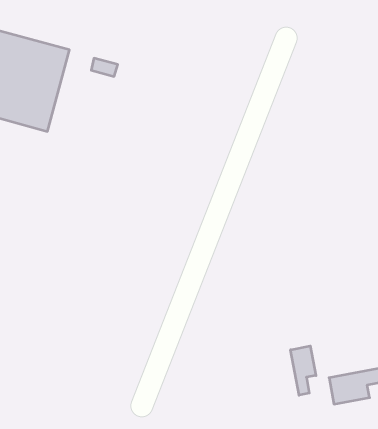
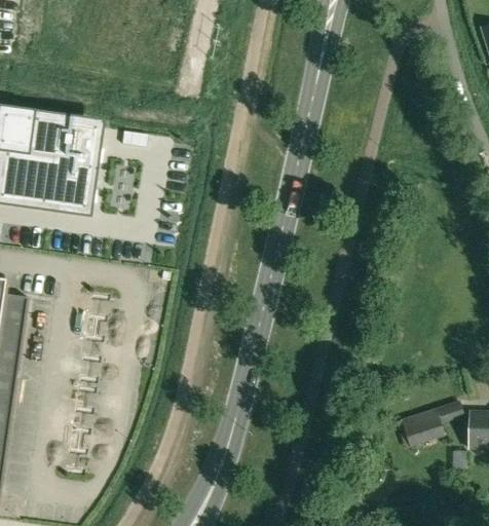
building: [291,346,316,395] -> none

